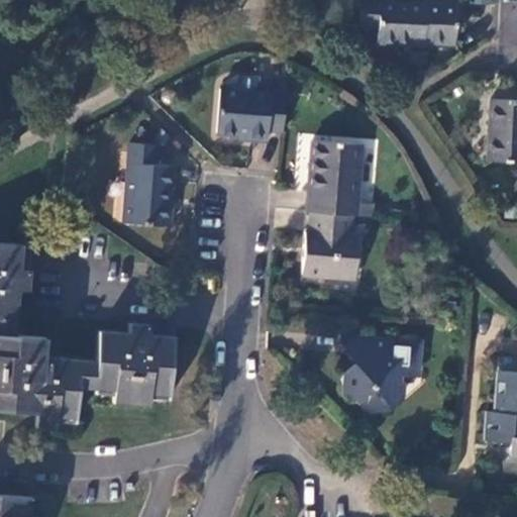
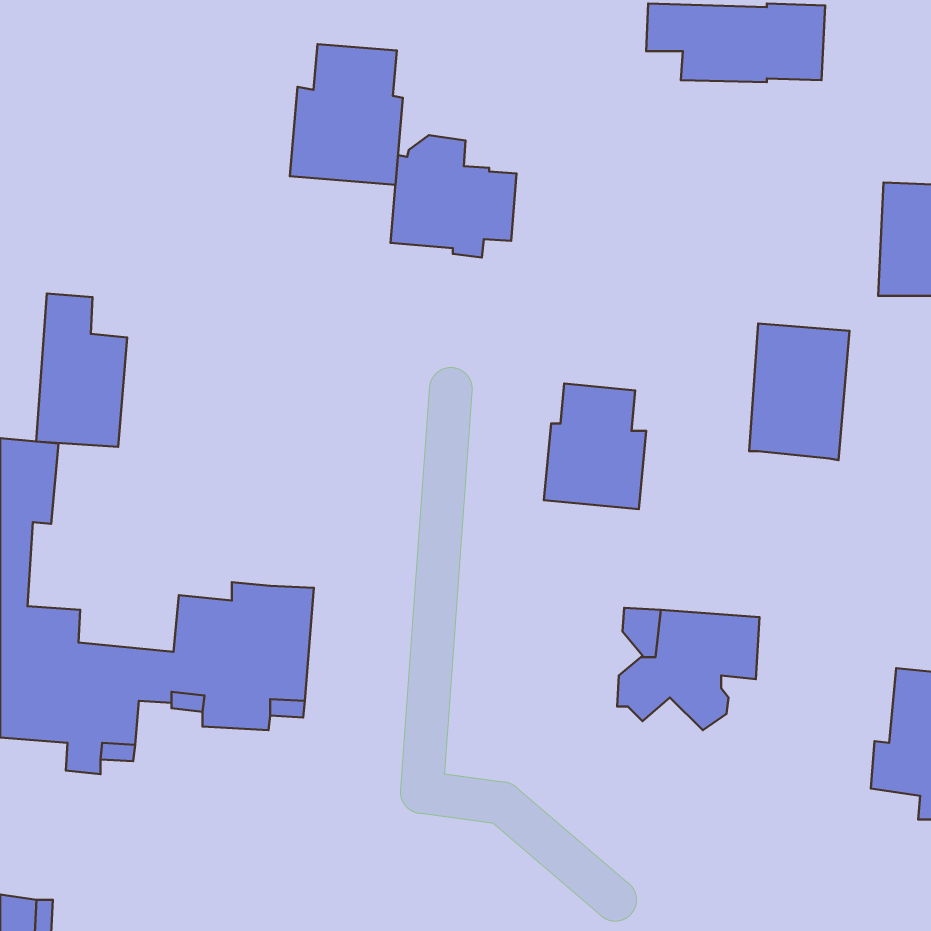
building: none -> [290,44,403,185]
building: [124,142,175,227] -> [36,294,127,447]
building: [308,142,364,218] -> [749,323,849,460]

